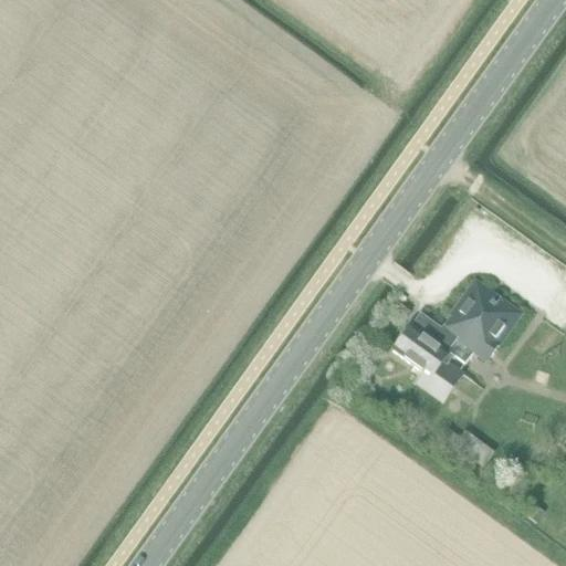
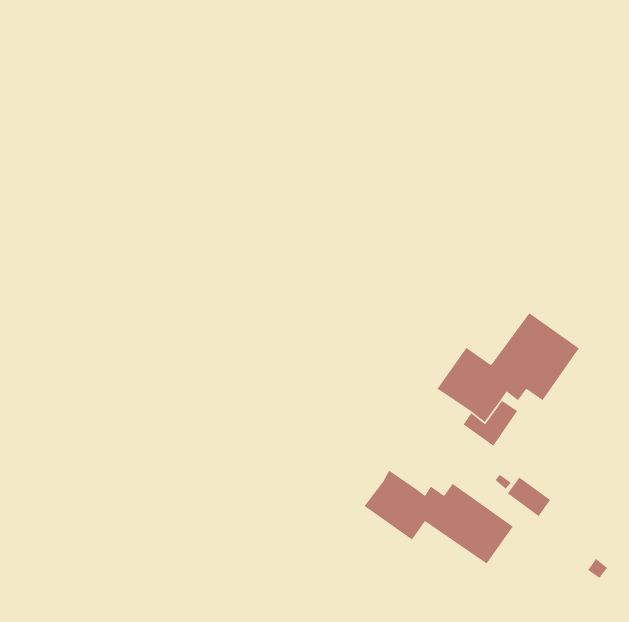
building: none -> [363,469,514,564]

